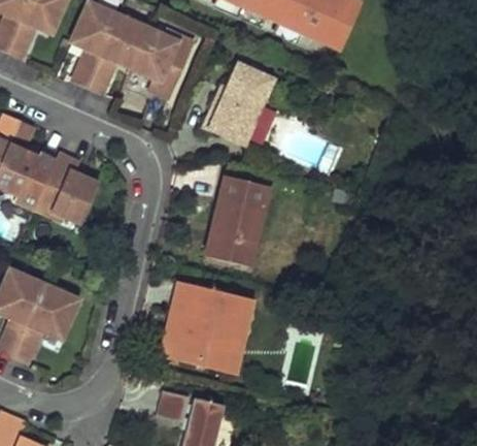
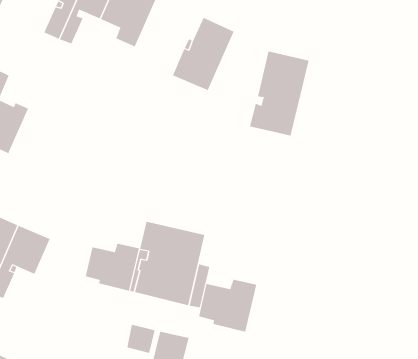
building: [34,154,98,223] -> none
building: [206,170,270,261] -> [249,51,310,136]
building: none -> [85,243,139,291]
building: none -> [198,279,257,333]

